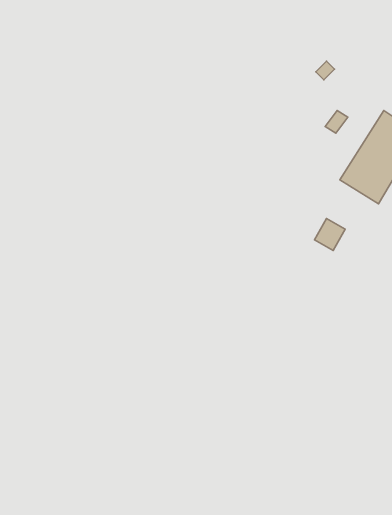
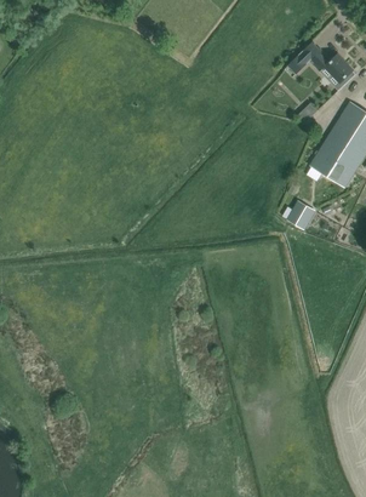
building: none -> [309,48,353,81]

